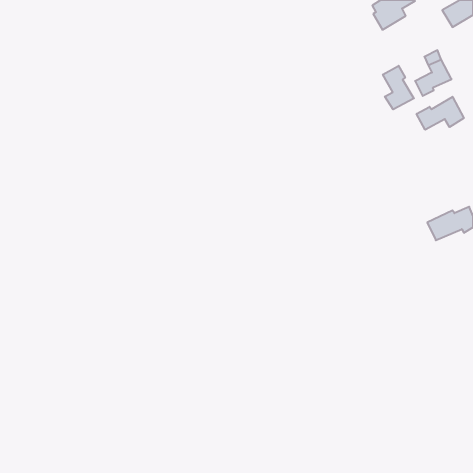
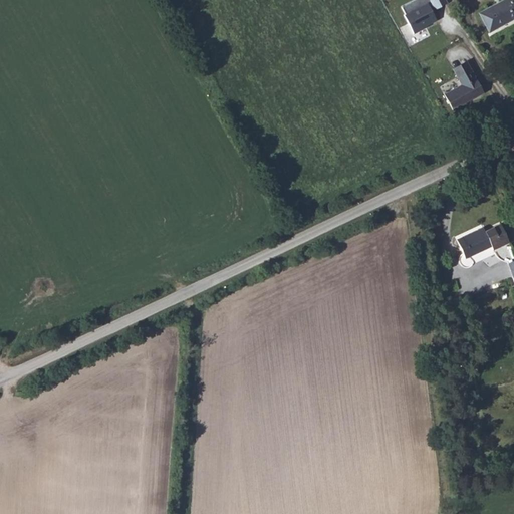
building: [383,66,414,109] -> none
building: [417,97,464,130] -> none

